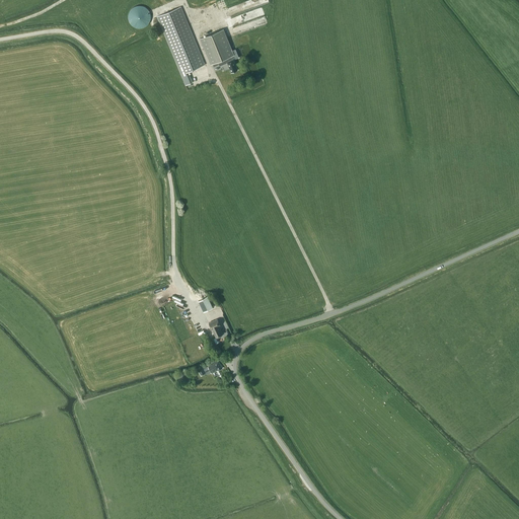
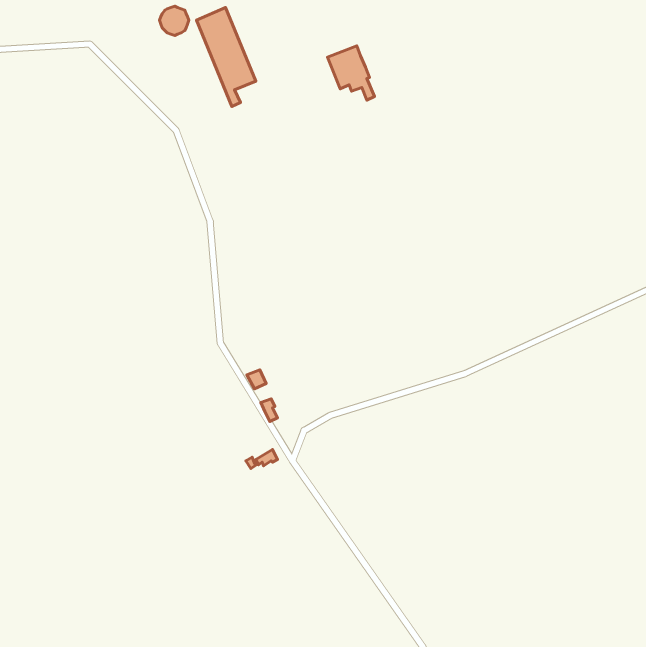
building: [201,29,238,73] -> [328,46,374,100]

